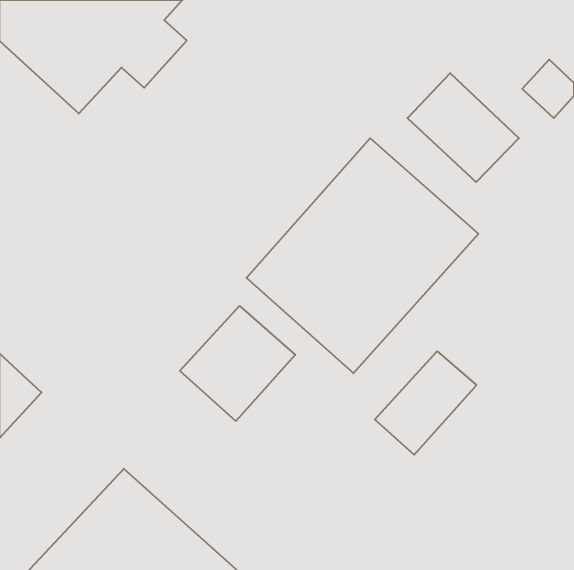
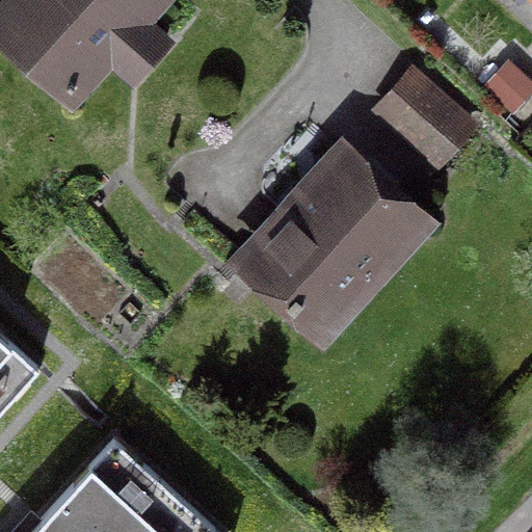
building: [180,306,295,421] -> none
building: [375,351,476,455] -> none

